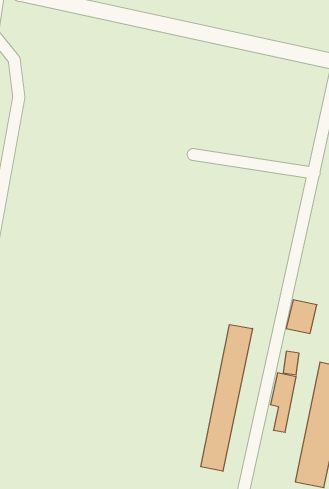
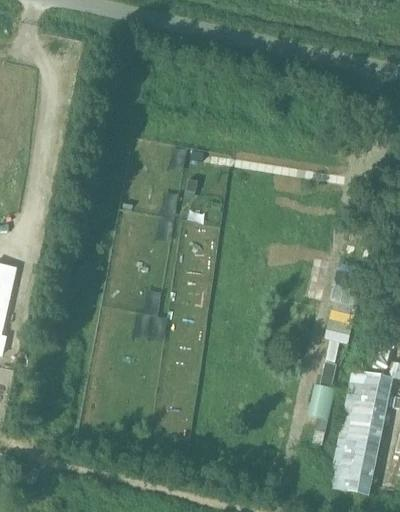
building: [201,325,253,471] -> none

